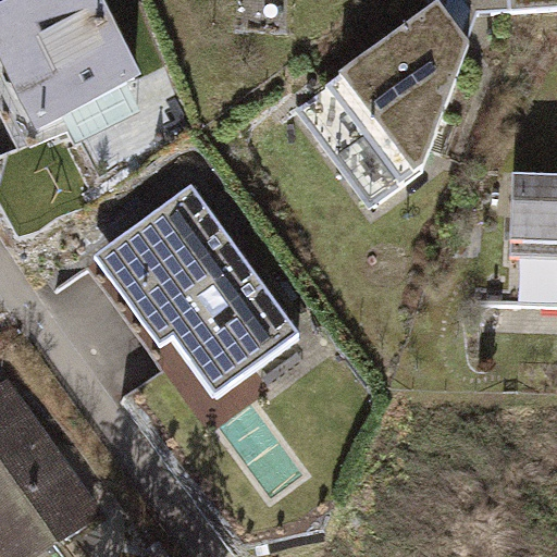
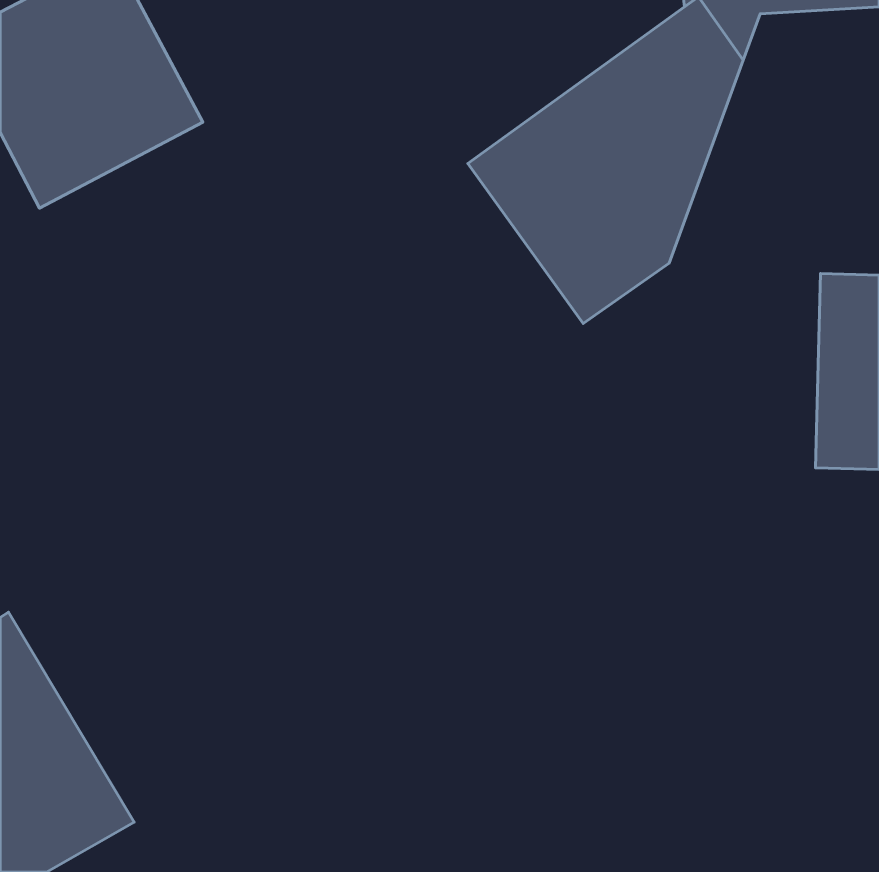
building: [96,187,298,395] -> none

